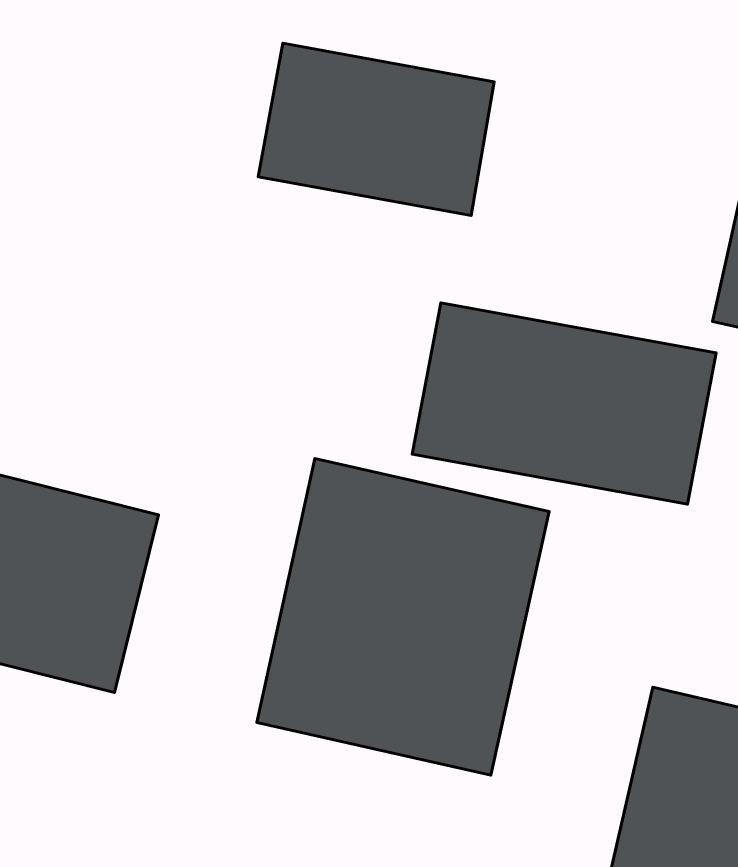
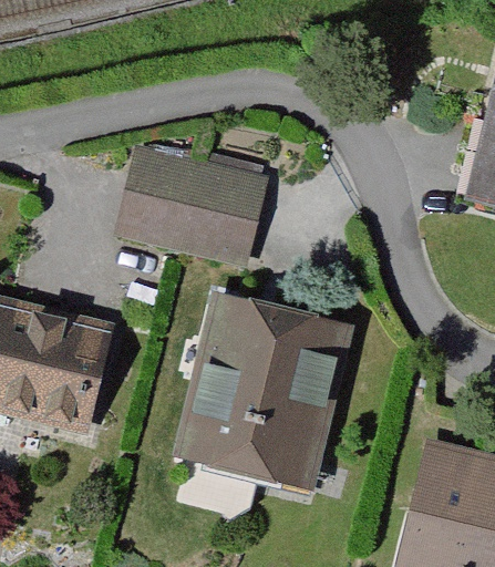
building: [258,43,494,215] -> [117,146,266,255]
building: [412,303,716,504] -> none

